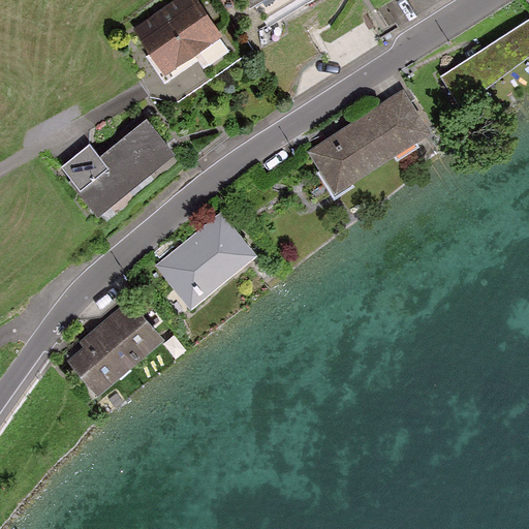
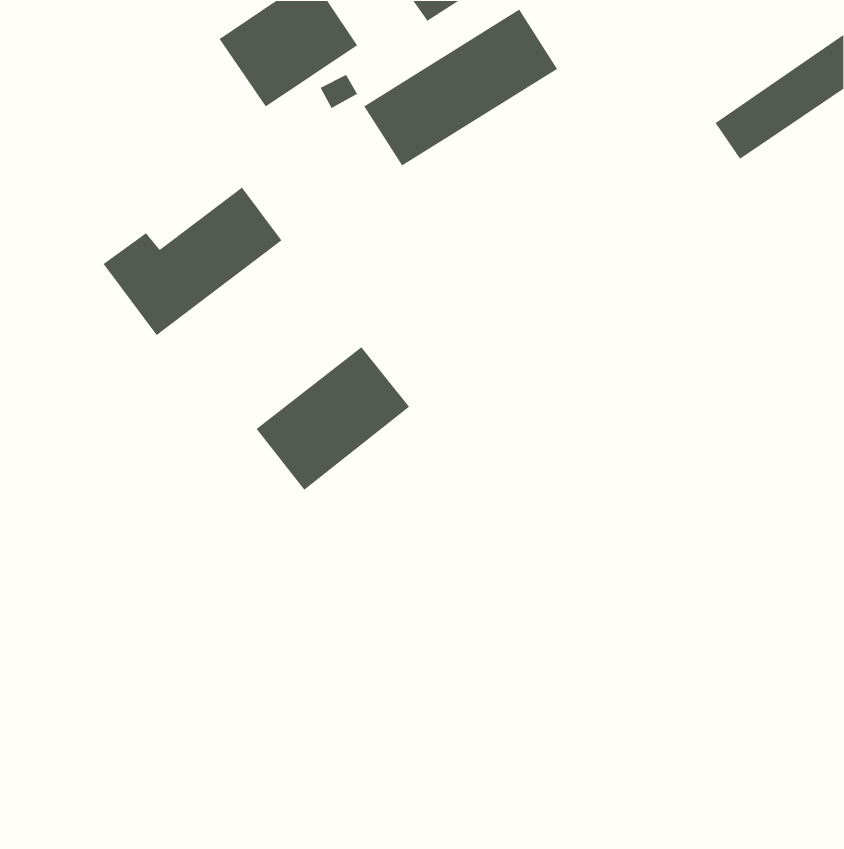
building: [308,94,428,191] -> [363,9,558,167]
building: [71,302,161,392] -> none

